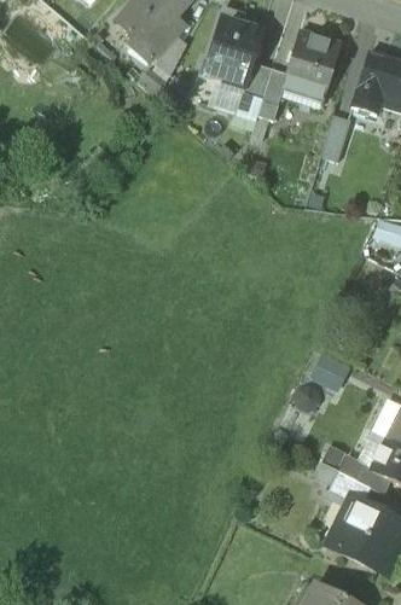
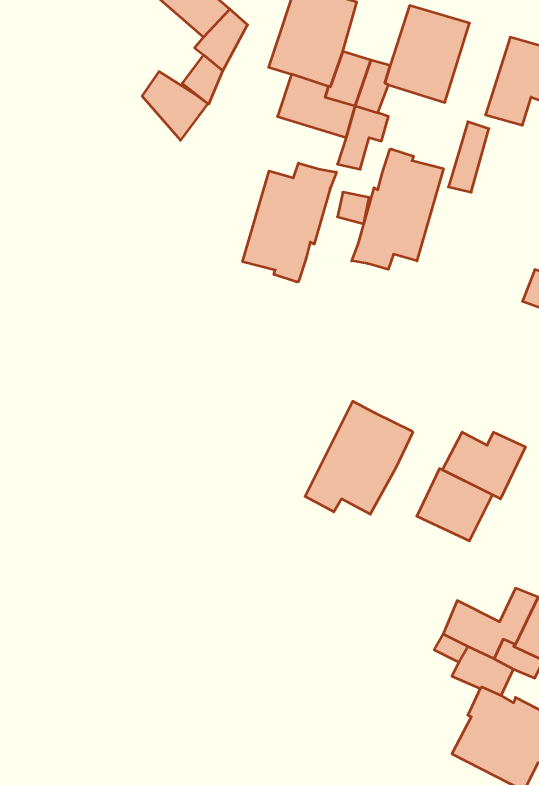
building: none -> [142,72,208,140]
building: none -> [352,149,443,269]
building: none -> [243,163,336,282]
building: none -> [305,401,413,514]
building: none -> [442,432,525,499]

